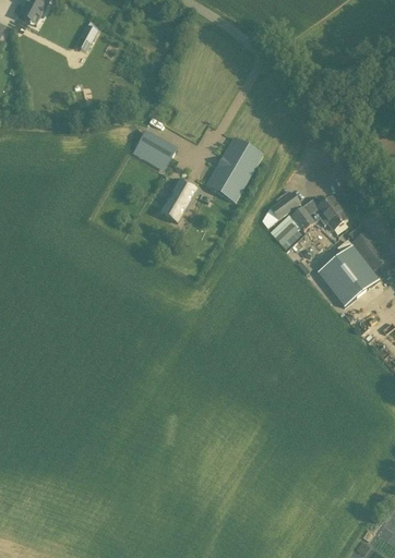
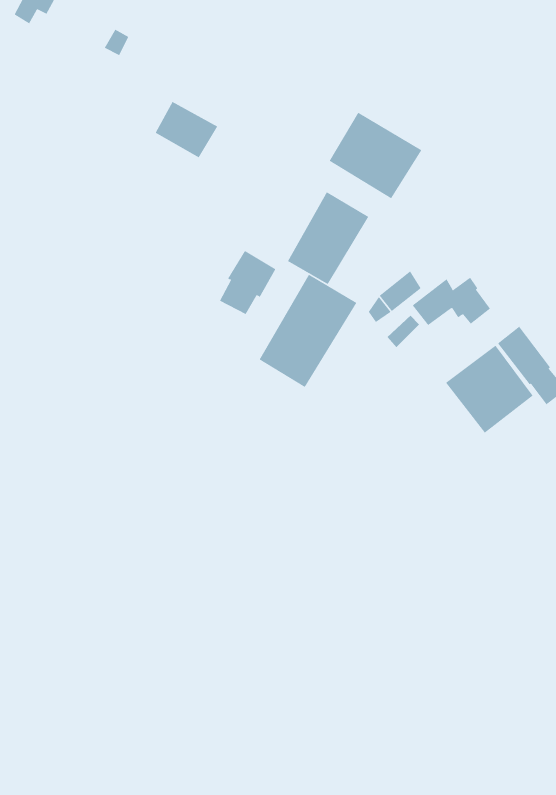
building: none -> [329,112,422,199]
building: [133,131,177,170] -> [155,101,218,158]
building: none -> [259,274,357,388]

